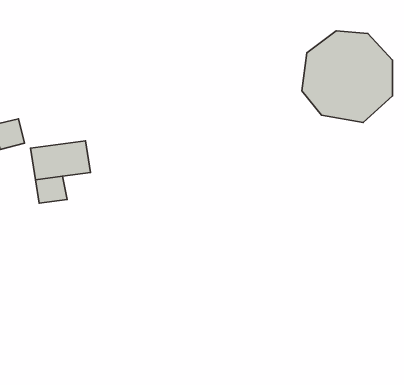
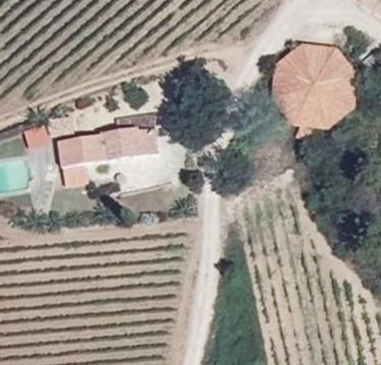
building: none -> [99,129,155,162]

